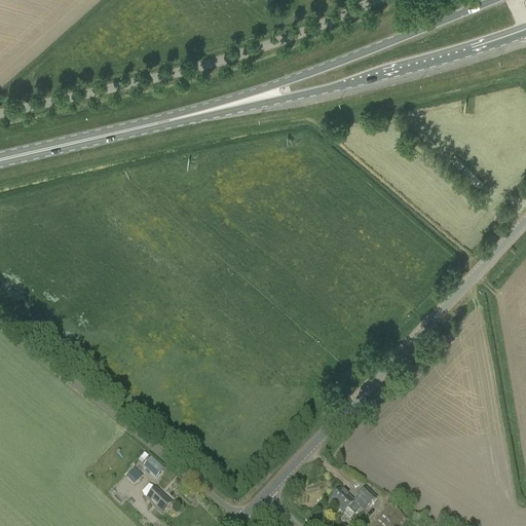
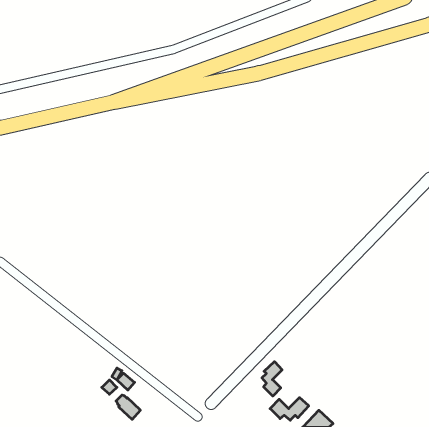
building: none -> [262,362,282,396]

